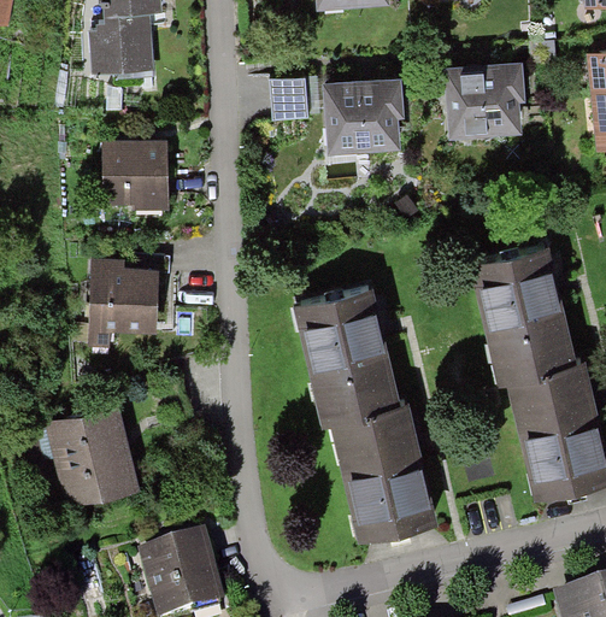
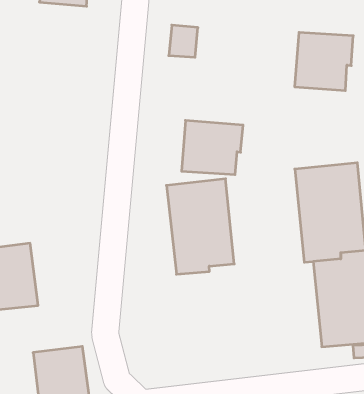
building: [322,82,402,155] -> [182,120,243,175]
building: [99,141,167,211] -> none
building: [83,263,158,343] -> none
building: [328,392,436,533] -> none

